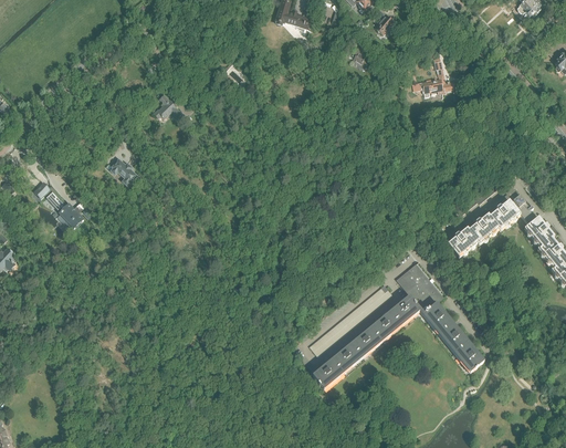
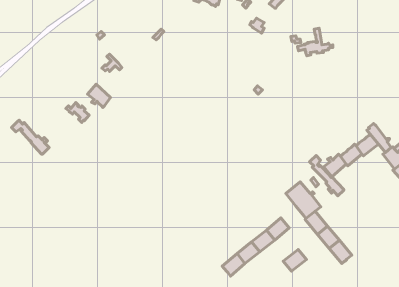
building: none -> [87,84,110,107]
building: none -> [309,155,344,196]
building: [389,295,420,324] -> [283,249,307,271]

